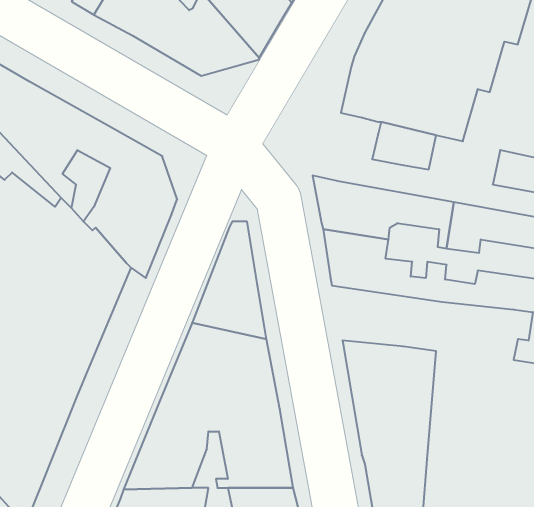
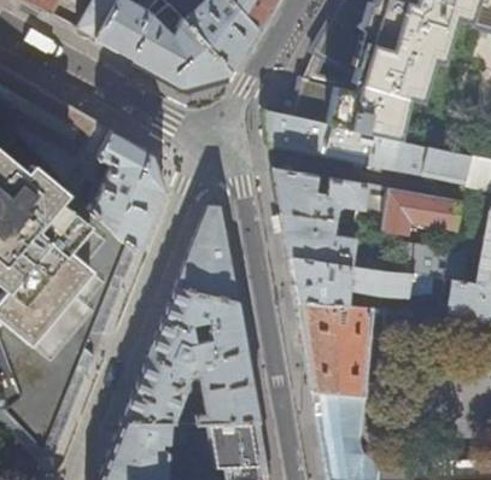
building: none -> [265,110,328,156]
building: none -> [369,136,427,176]
building: none -> [291,258,438,308]

